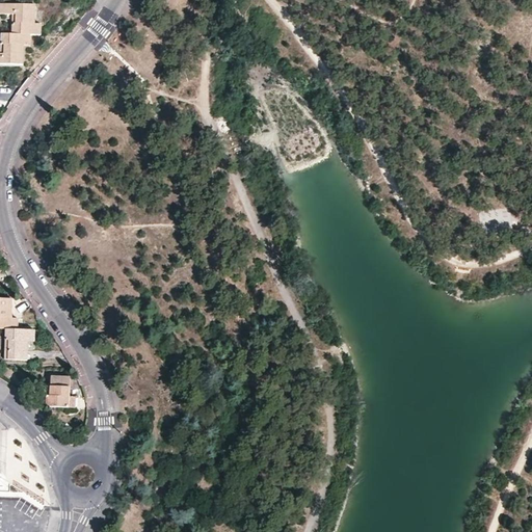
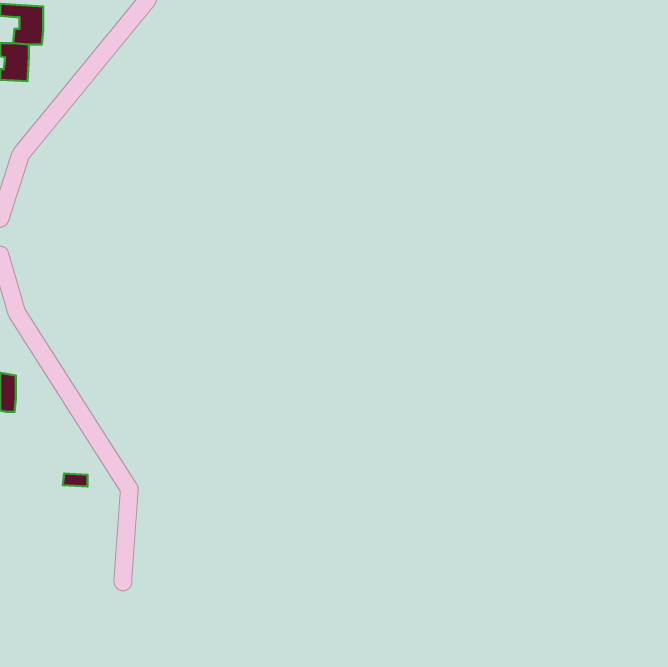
building: [4,327,27,358] -> none
building: [47,385,70,406] -> none

